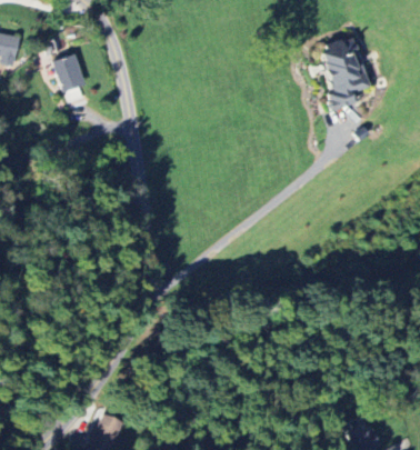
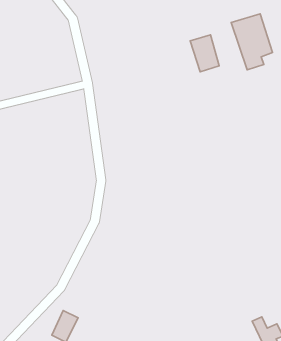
building: [54,52,91,106] -> none
building: none -> [190,35,219,72]

